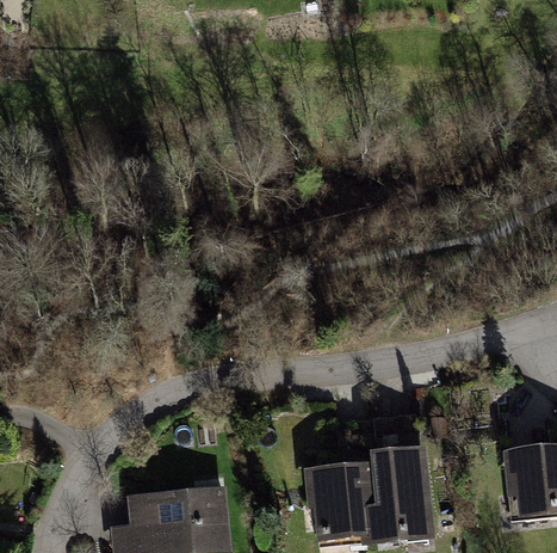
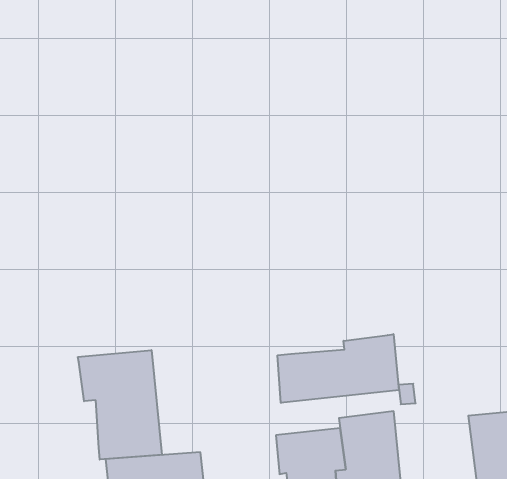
building: none -> [278,334,399,403]
building: none -> [78,350,162,460]

